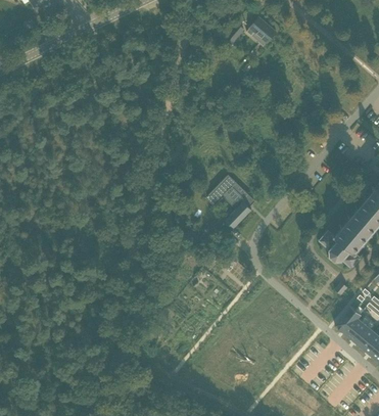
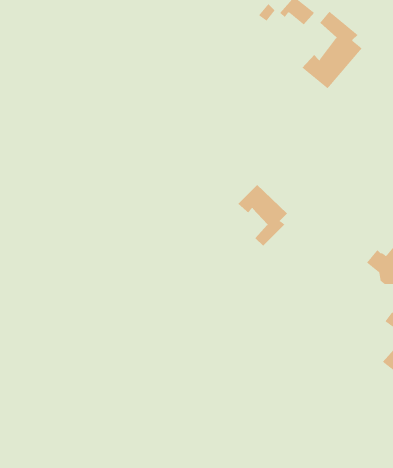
building: none -> [302,11,363,89]

